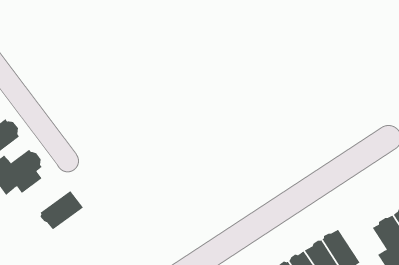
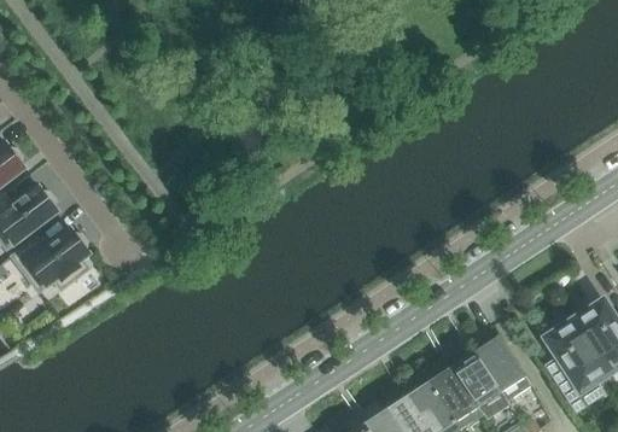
building: [39,190,84,231] -> none

